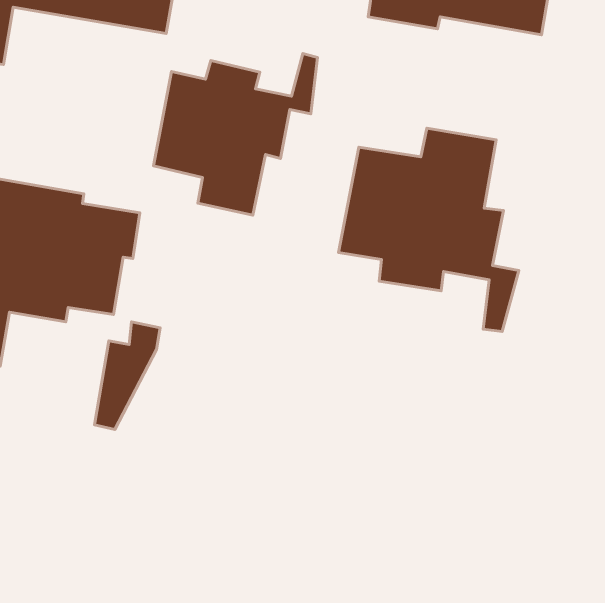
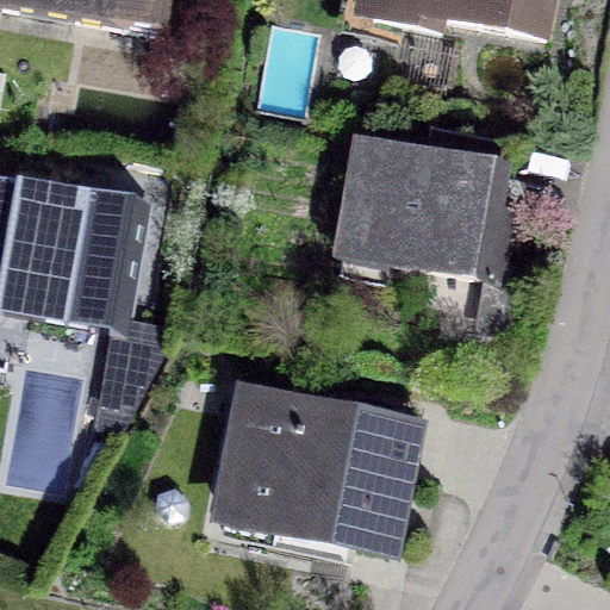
building: [153,54,318,215] -> none
building: none -> [220,393,410,546]

